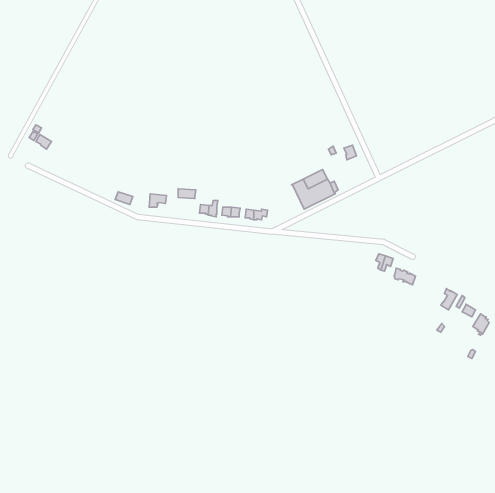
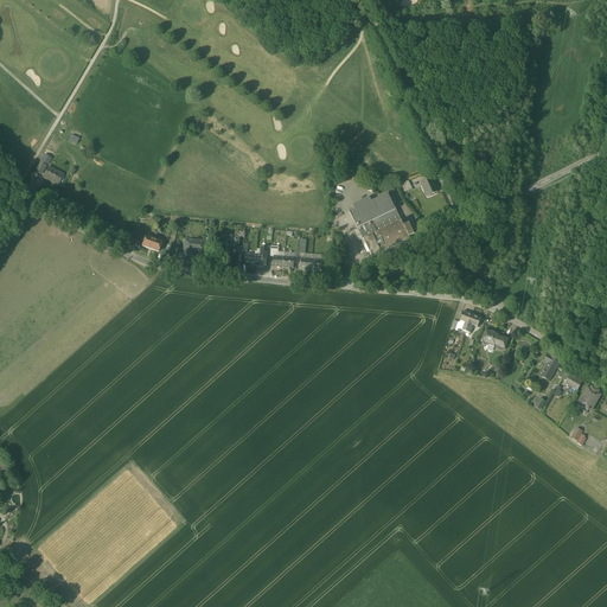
building: none -> [349,192,395,226]

